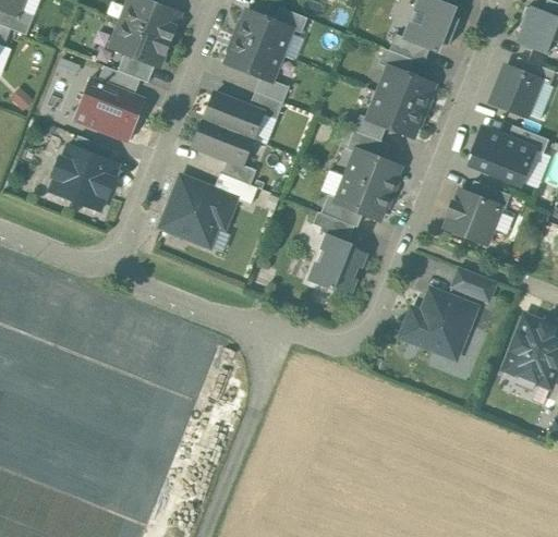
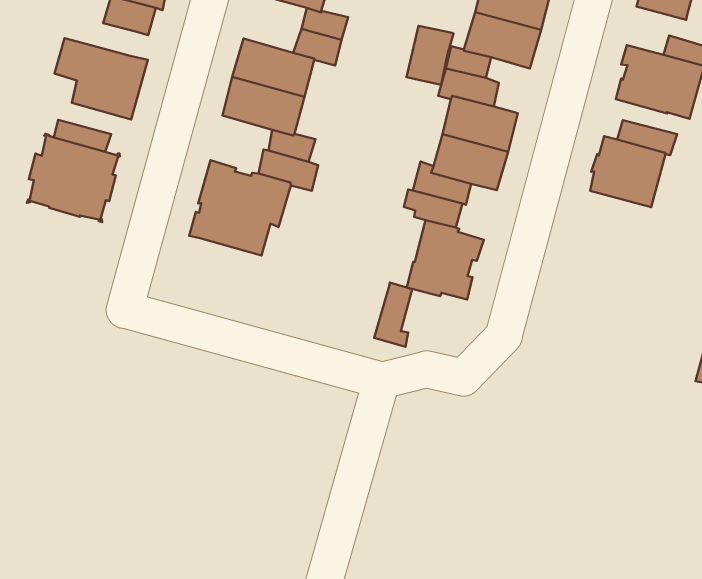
building: [97,66,140,97] -> none
building: none -> [406,26,453,85]
building: [451,269,495,302] -> none
building: none -> [374,283,412,347]
building: [399,289,476,357] -> none

